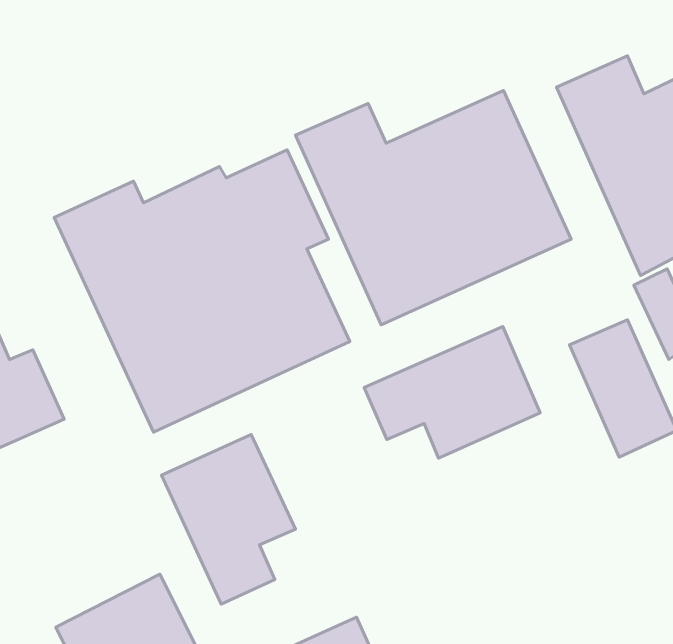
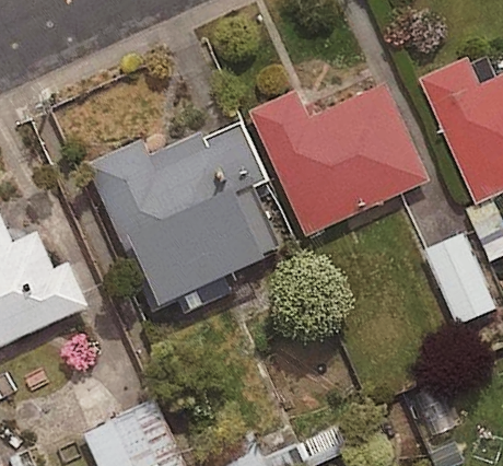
building: [364,326,540,458] -> none
building: [162,435,295,604] -> none

